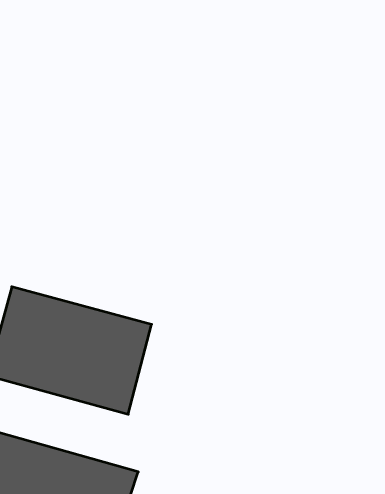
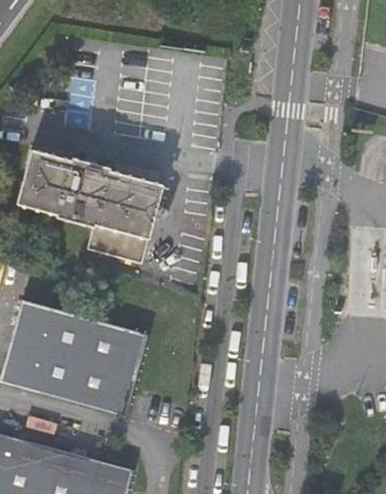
building: none -> [18,151,166,266]

